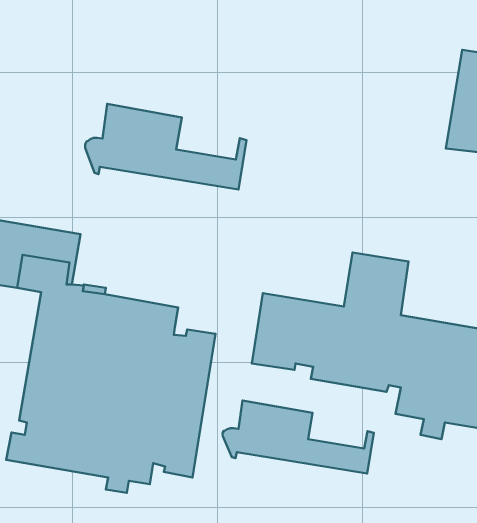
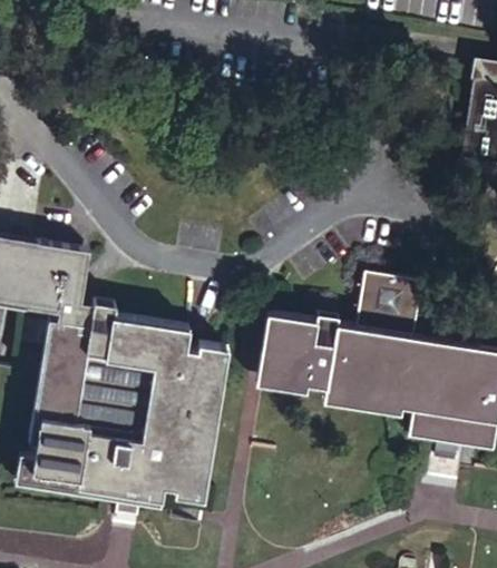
building: [85,104,246,189] -> none
building: [223,400,374,473] -> none

